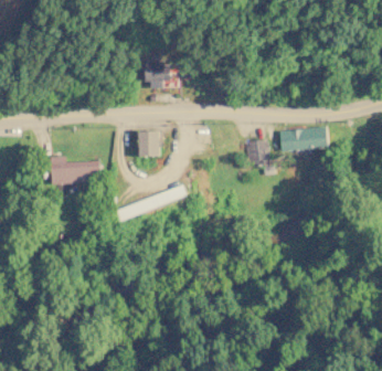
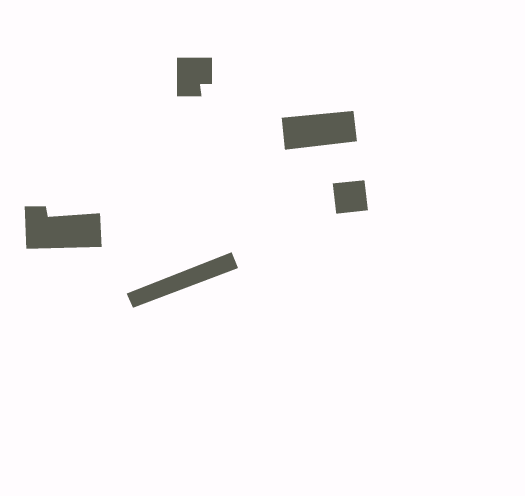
building: [279,127,328,152] -> [281,110,358,150]
building: [139,131,159,158] -> none

